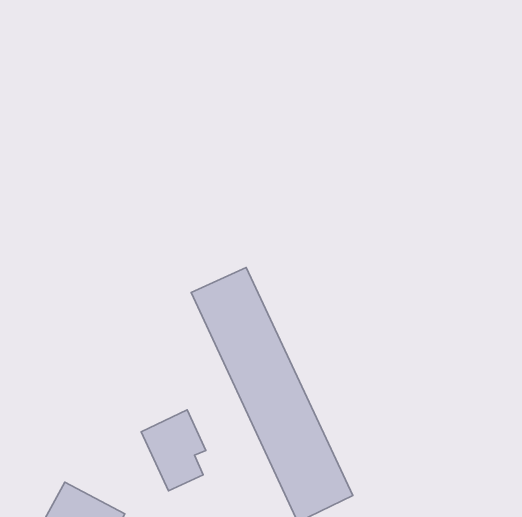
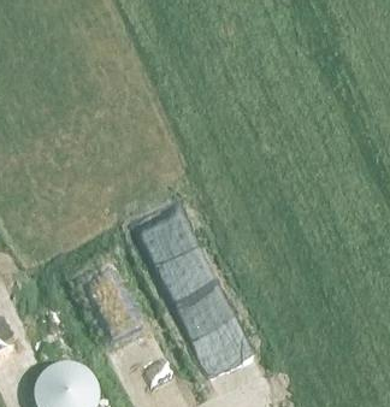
building: [141,410,206,491] -> none

